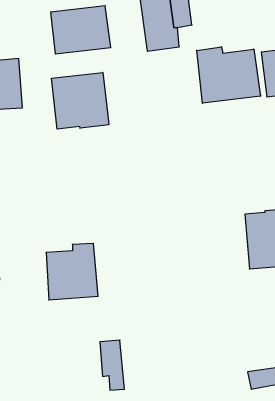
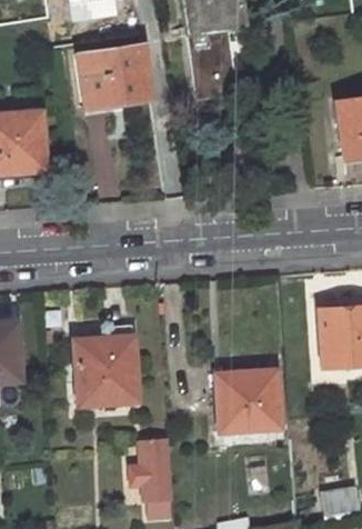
building: [197,47,260,103] -> none
building: [52,72,109,129] -> none
building: none -> [212,366,279,425]

